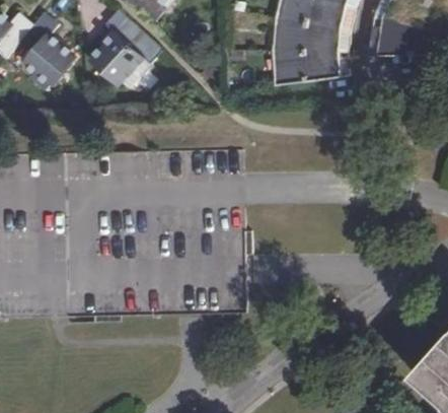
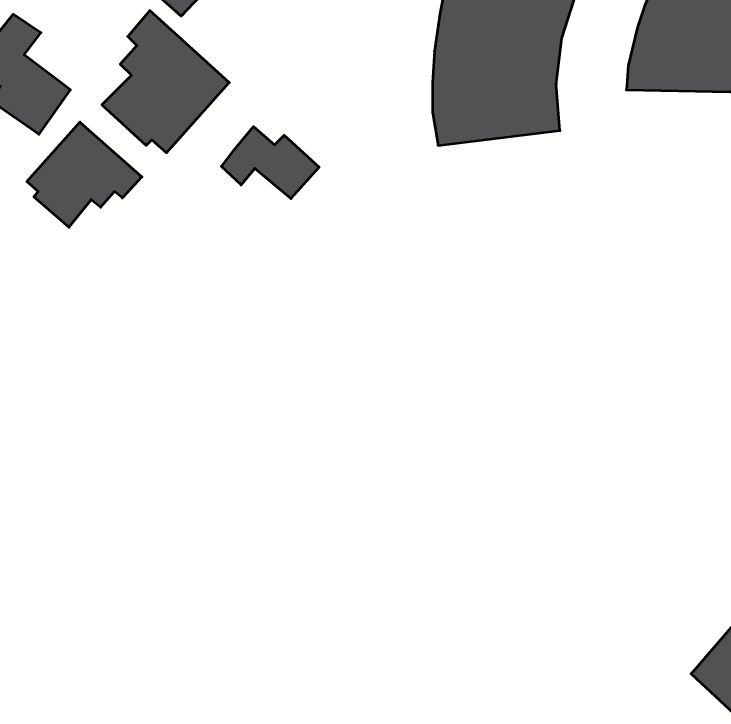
building: none -> [27,122,142,227]
building: none -> [221,127,319,199]

